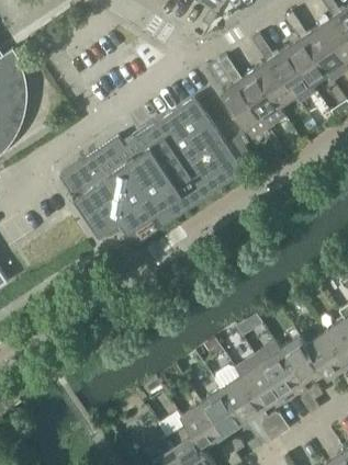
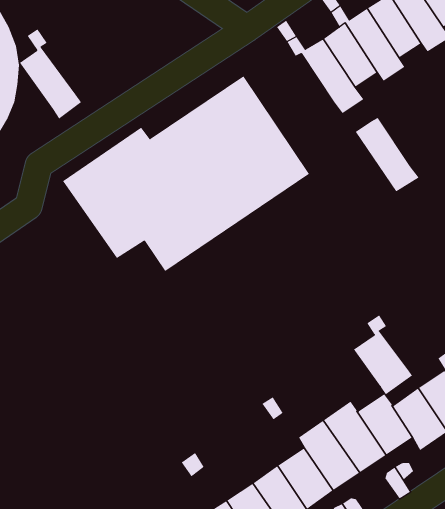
building: none -> [19,28,82,120]
building: [221,82,269,138] -> [355,117,419,192]
building: none -> [353,314,413,395]

